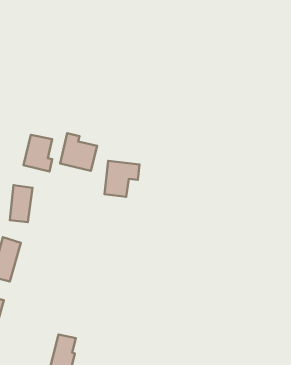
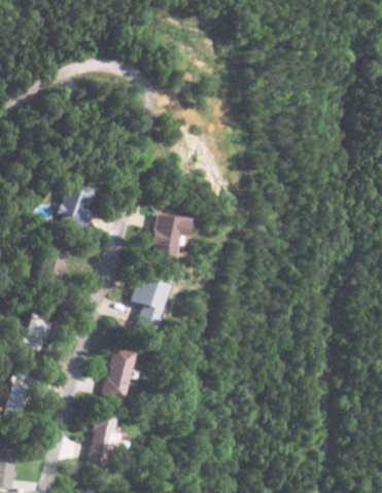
building: [60,133,97,171] -> none
building: none -> [132,274,171,329]
building: none -> [107,348,134,399]

